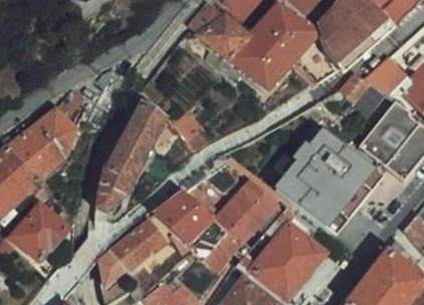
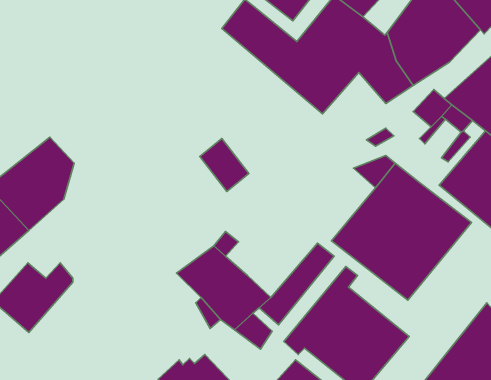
building: [94,86,167,220] -> none
building: [210,175,264,233] -> none
building: [103,220,168,287] -> none

